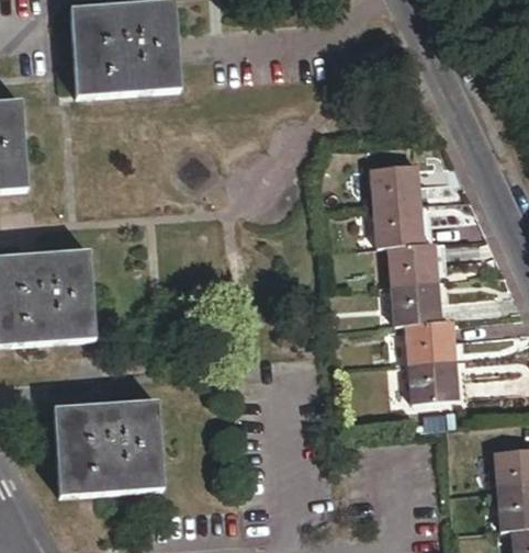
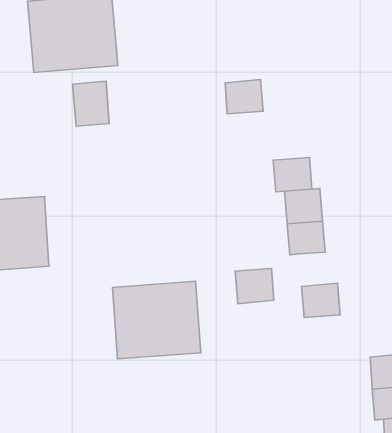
building: none -> [72,81,109,126]
building: [372,162,419,205] -> [225,79,263,114]
building: [406,318,454,362] -> [235,268,274,304]
building: [54,398,164,495] -> [112,281,201,359]

